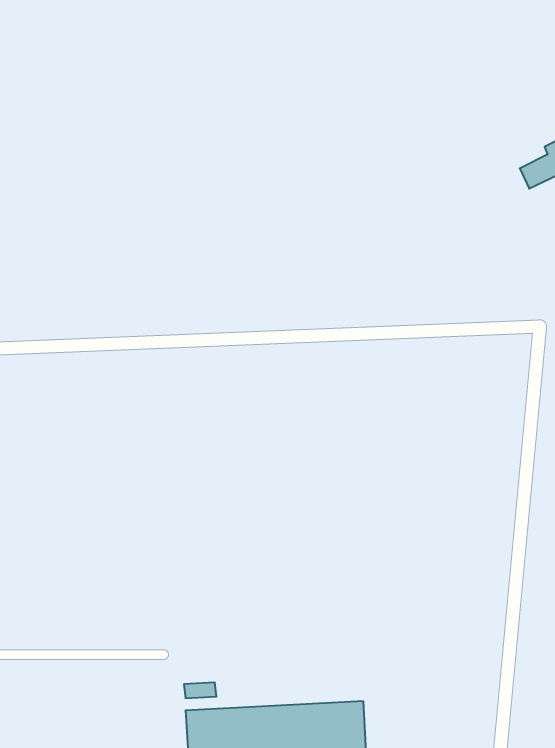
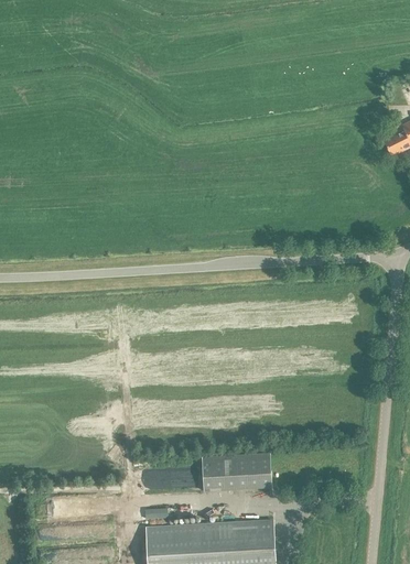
building: none -> [202,454,271,491]

